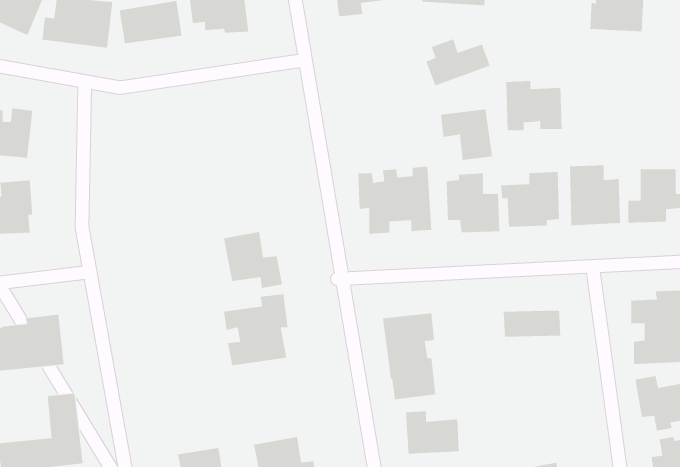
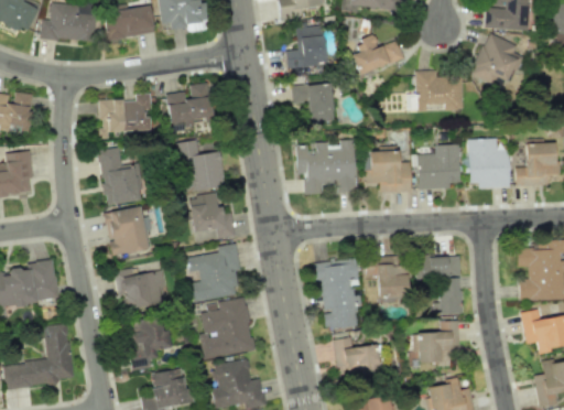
building: none -> [286,24,325,68]
building: none -> [471,33,522,86]
building: none -> [167,84,213,131]
building: [440,109,493,161] -> [292,83,335,125]
building: none -> [99,95,151,139]
building: none -> [177,140,226,193]
building: none -> [98,148,140,206]
building: none -> [105,207,151,256]
building: none -> [377,257,409,302]
building: none -> [118,268,165,310]
building: none -> [435,279,462,314]
building: none -> [199,299,254,359]
building: none -> [129,317,171,370]
building: none -> [417,321,460,365]

